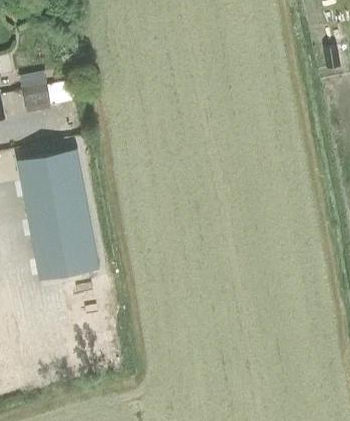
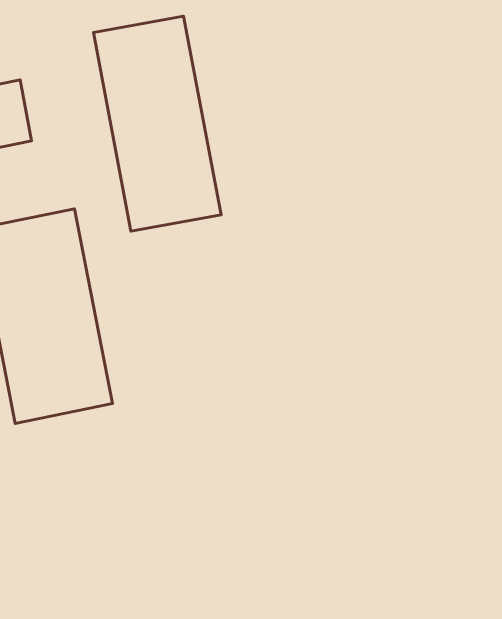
building: none -> [93,16,221,231]

